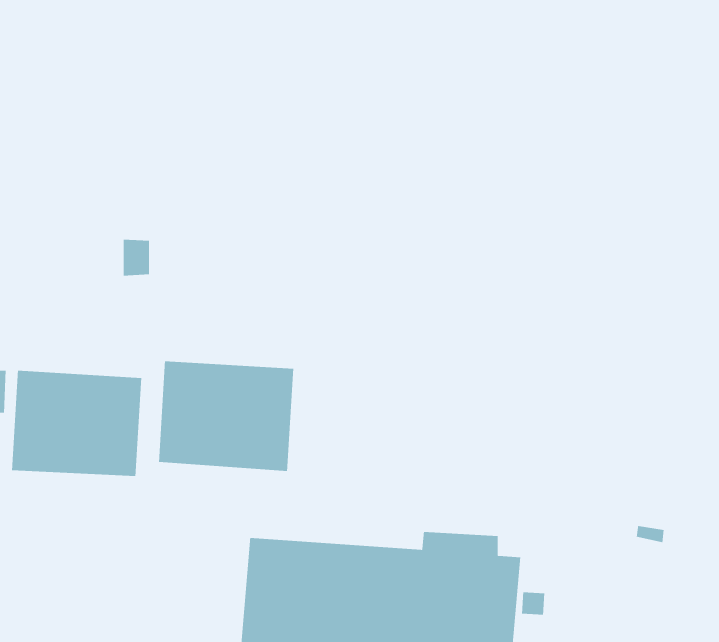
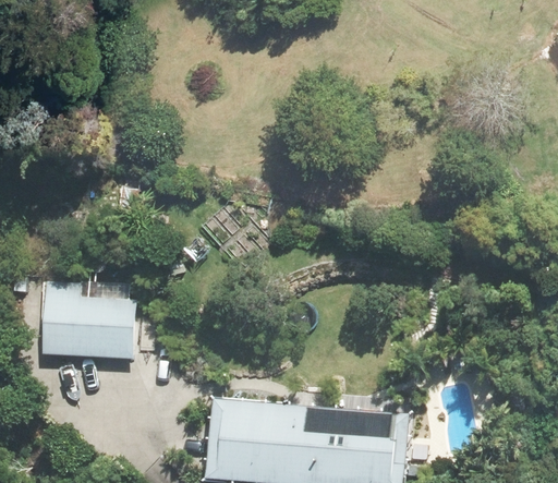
building: [158,360,294,472] -> none

